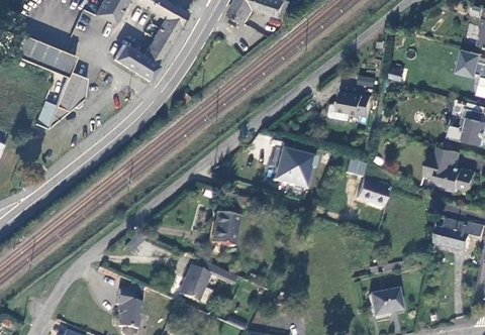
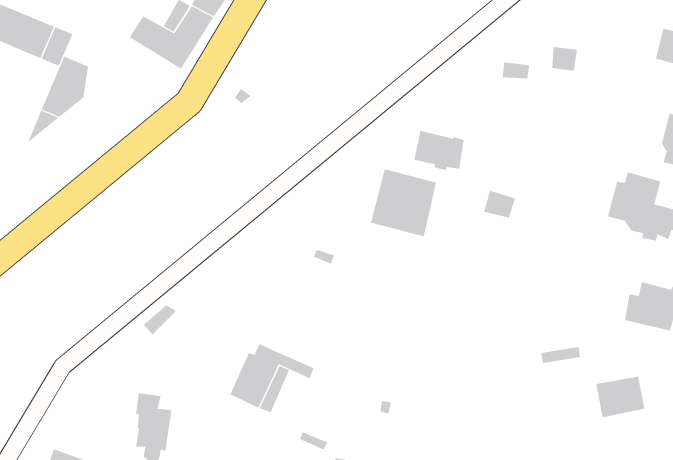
building: [338,91,372,117] -> [414,130,465,171]
building: [358,178,390,206] -> none
building: [211,213,238,245] -> none
building: [369,289,401,316] -> [595,376,645,418]

